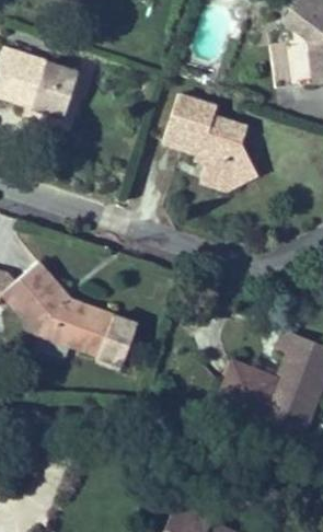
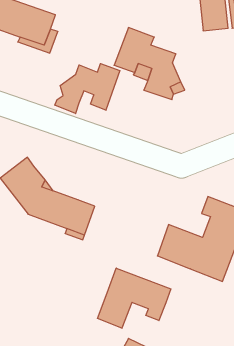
building: none -> [55,64,120,114]
building: none -> [98,268,171,328]

